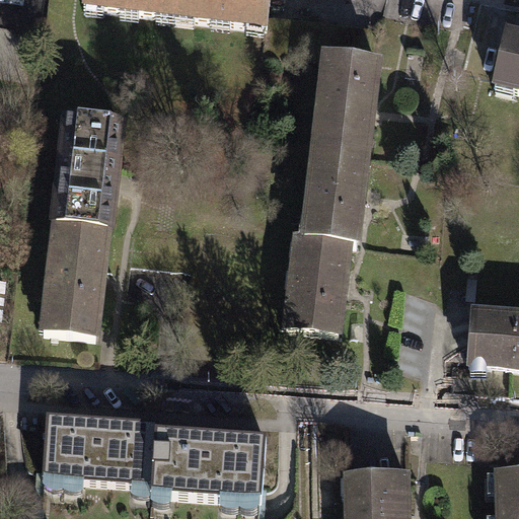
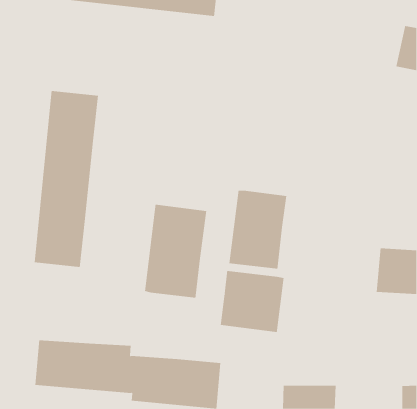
building: [300,50,384,242] -> none
building: none -> [144,204,207,298]
building: none -> [220,270,284,333]

